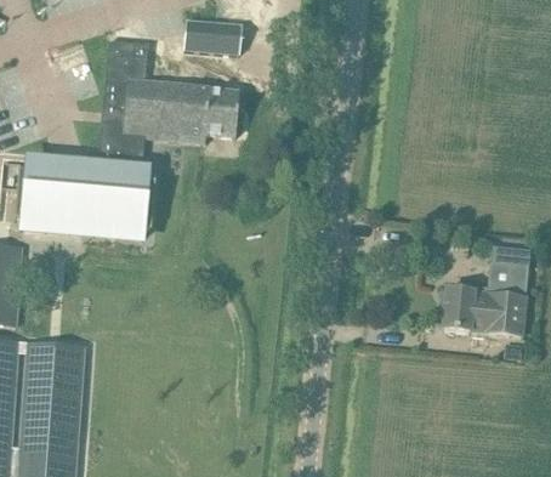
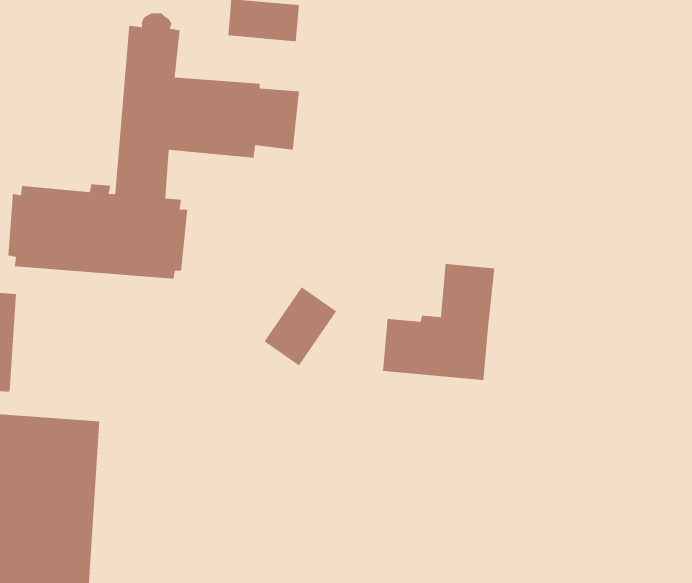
building: none -> [263,286,337,366]
building: [442,246,529,337] -> [382,263,495,381]

